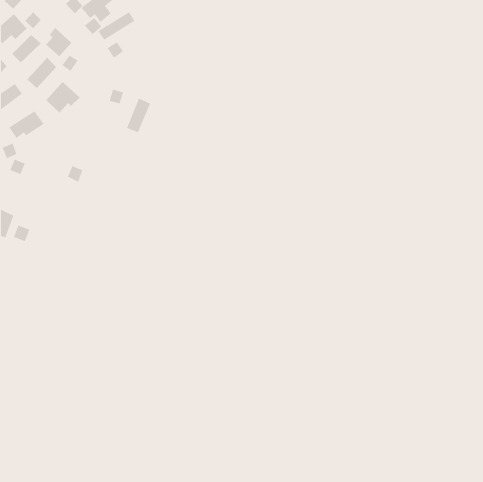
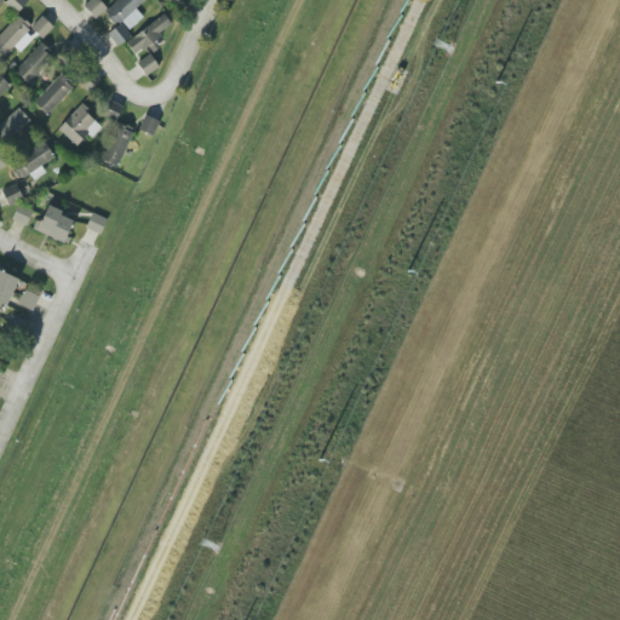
building: [45,27,72,57] -> none
building: [126,98,151,133] -> [102,121,133,166]
building: none -> [36,203,74,241]

